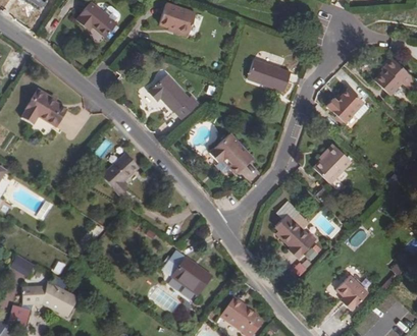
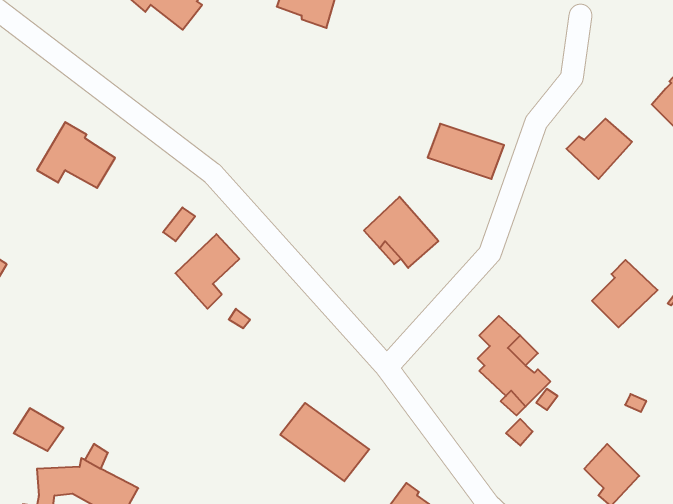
building: [247,59,291,91] -> [428,124,504,179]
building: [148,74,198,118] -> none
building: [313,144,351,182] -> [592,260,658,327]

